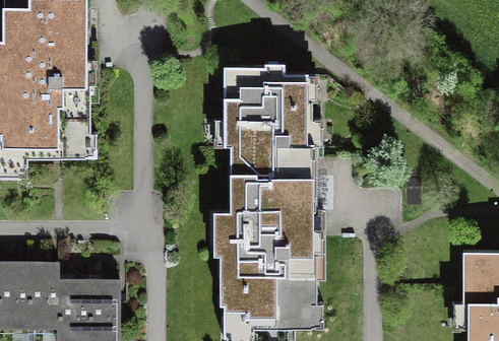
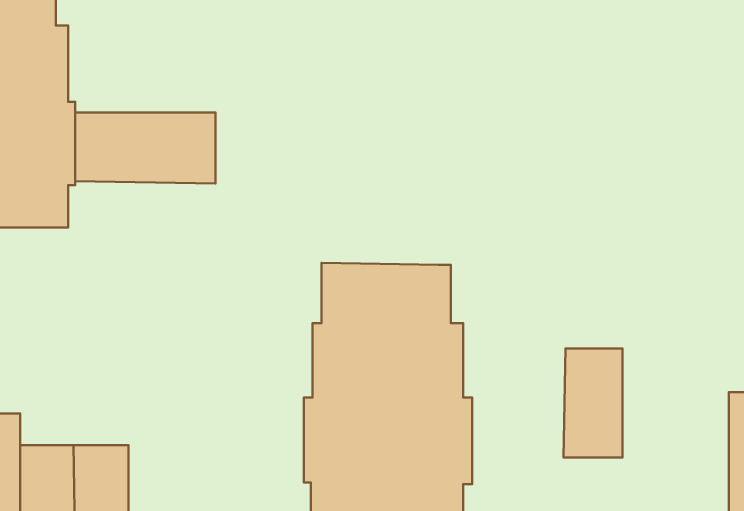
building: [226,65,314,180] -> none
building: none -> [75,112,215,183]
building: none -> [564,348,622,458]

